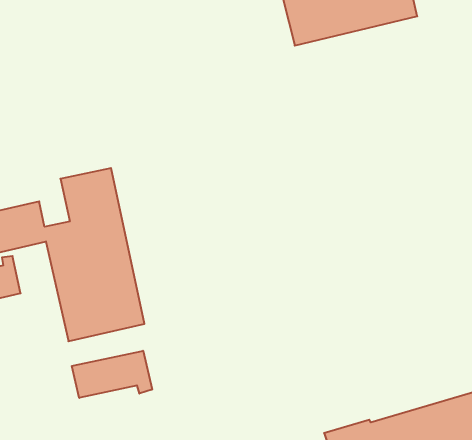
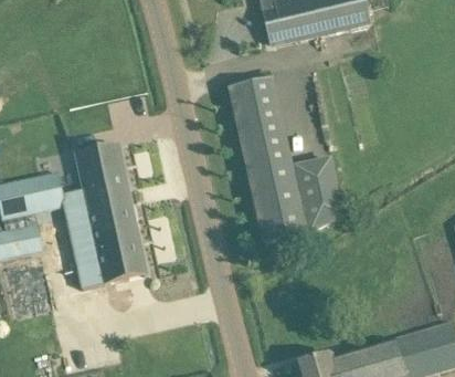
building: none -> [230,78,345,244]
building: [72,351,152,398] -> none

